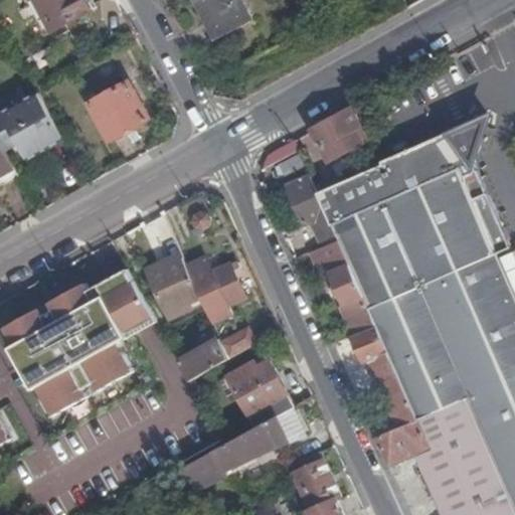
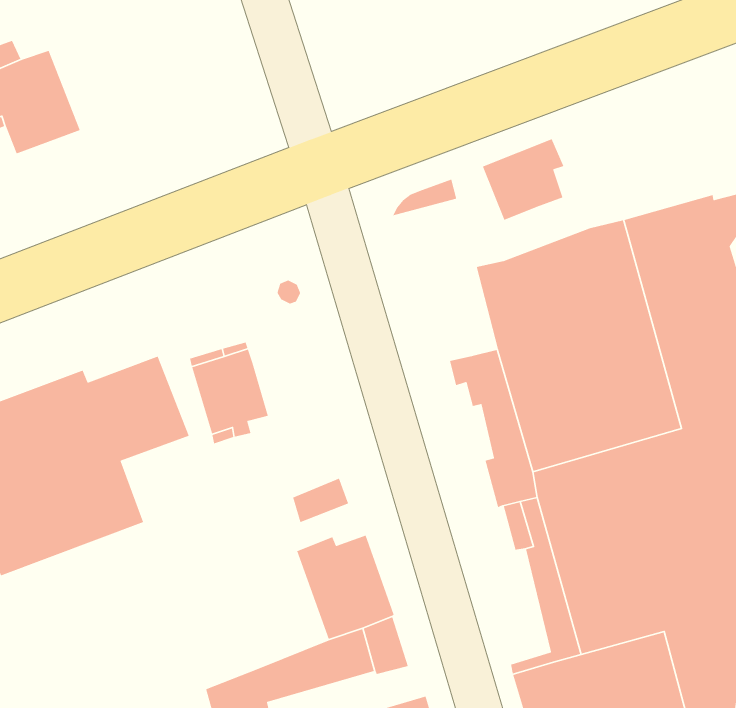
building: [85,82,145,141] -> none
building: [282,174,332,242] -> none
building: [185,256,243,323] -> none
building: [178,339,227,381] -> none

